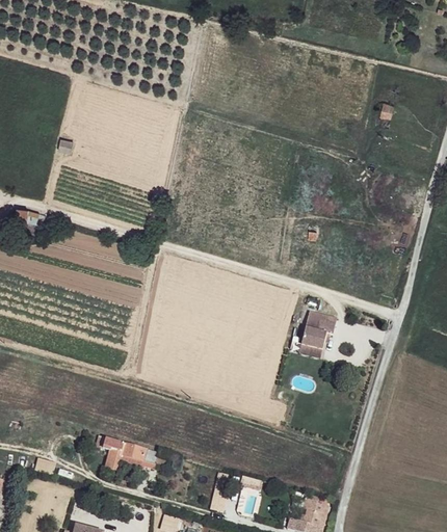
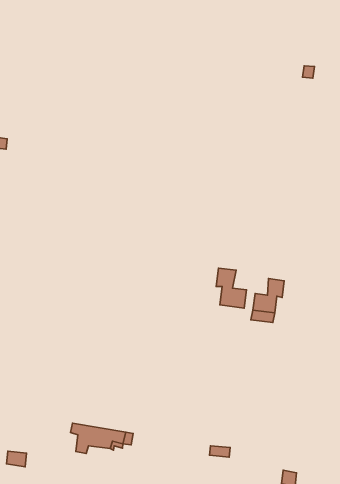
building: none -> [216,268,247,308]

